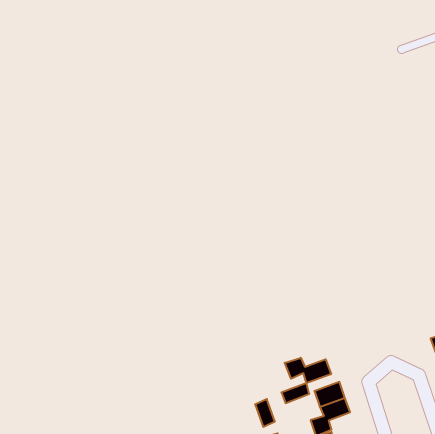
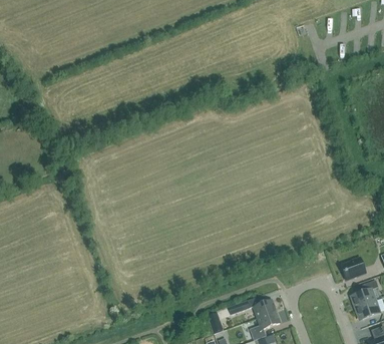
building: [285,358,331,383] -> none

